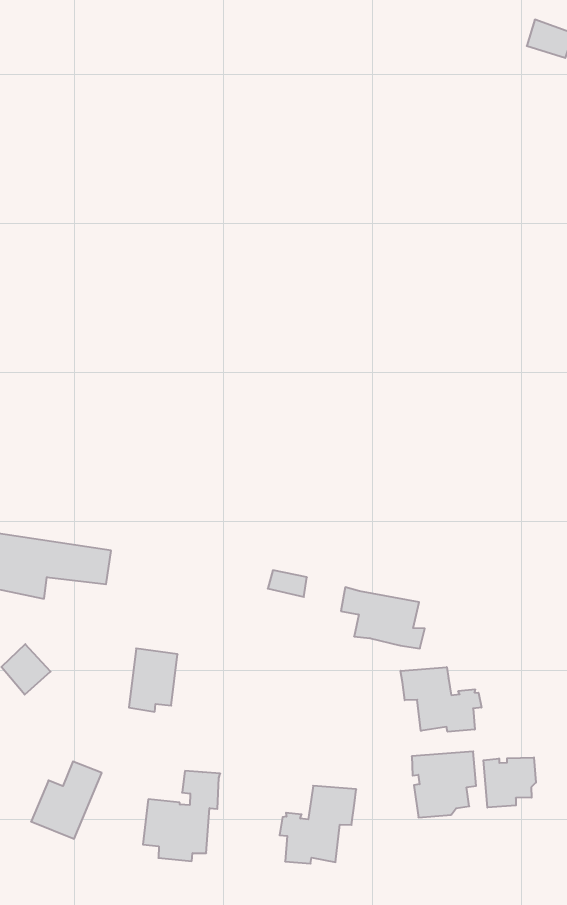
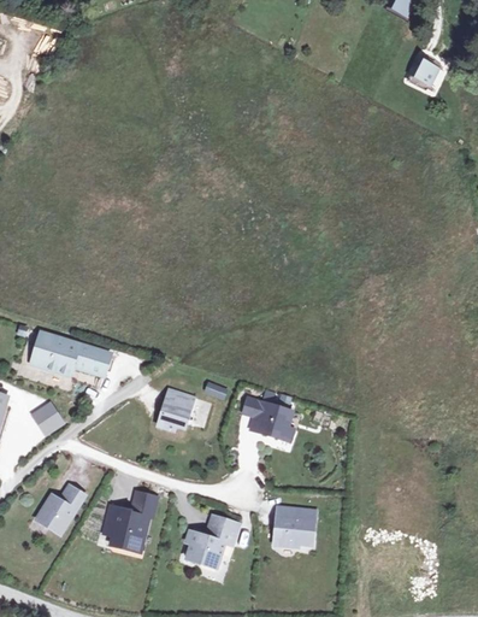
building: [129,648,178,712] -> [161,390,196,431]
building: [401,667,481,732] -> none
building: [483,757,536,808] -> none

